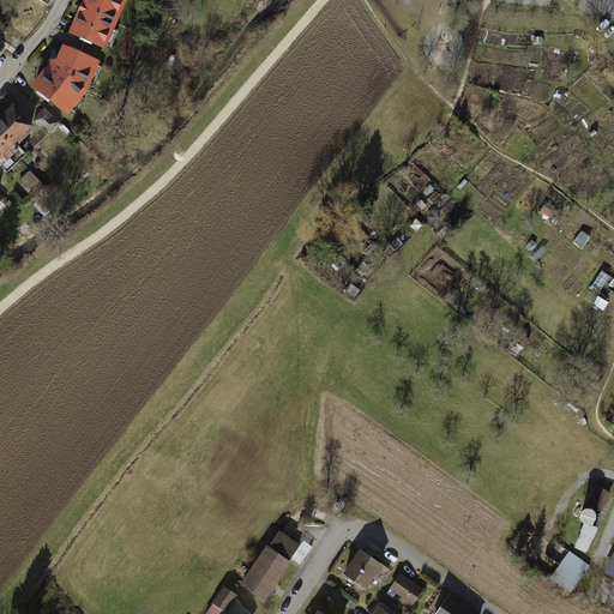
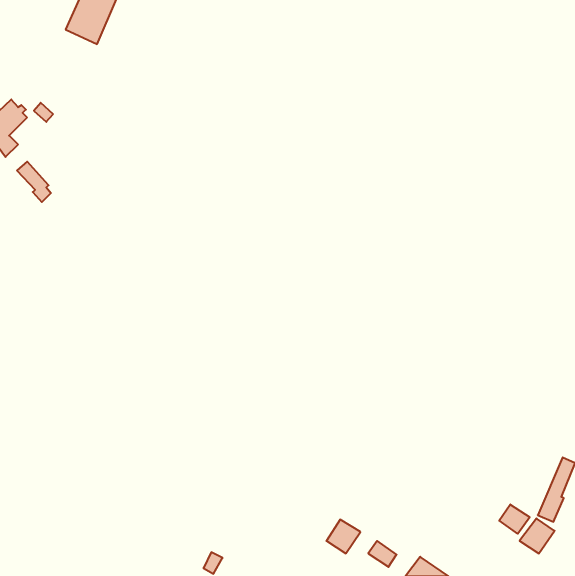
building: [34,47,96,109] -> none
building: [240,530,299,601] -> none
building: none -> [499,504,530,534]

